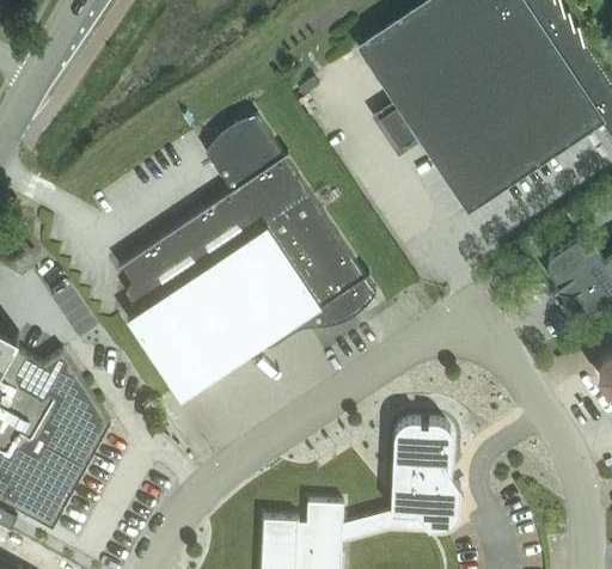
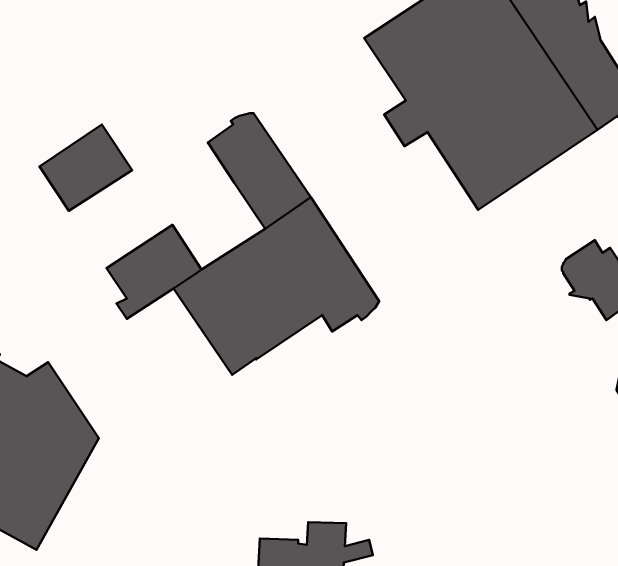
building: [179,184,267,265] -> [39,125,132,211]
building: [126,283,235,402] -> none
building: [365,422,459,534] -> none

